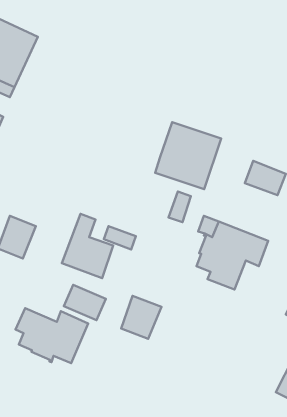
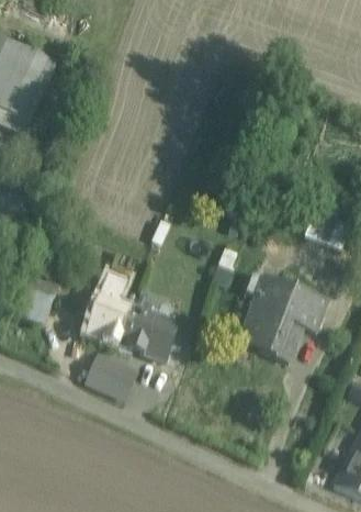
building: [155,122,221,189] -> none
building: [121,296,161,339] -> [132,308,179,358]
building: [15,308,88,363] -> none

